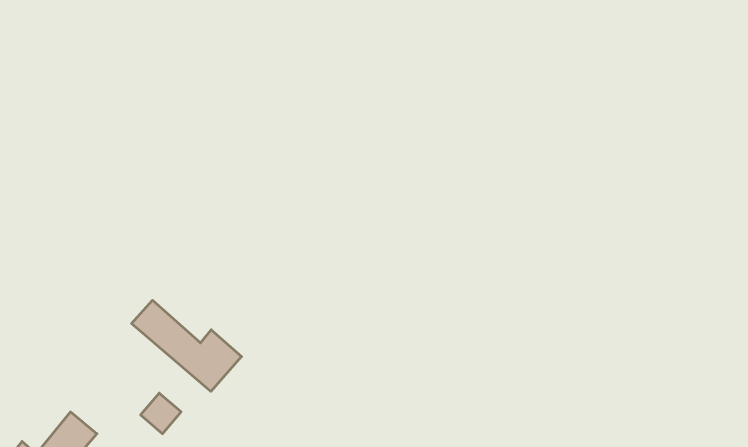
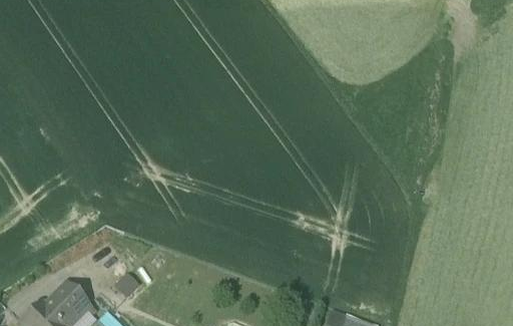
building: [132,300,242,391] -> none

